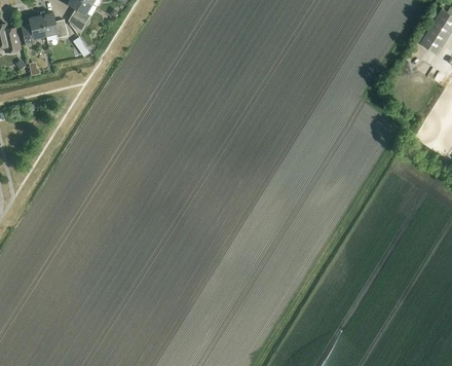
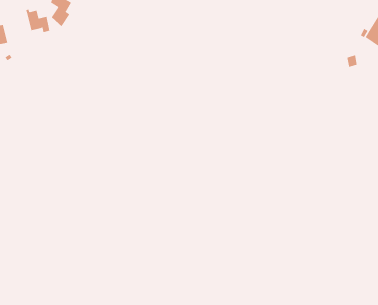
building: [20,15,45,46] -> none

